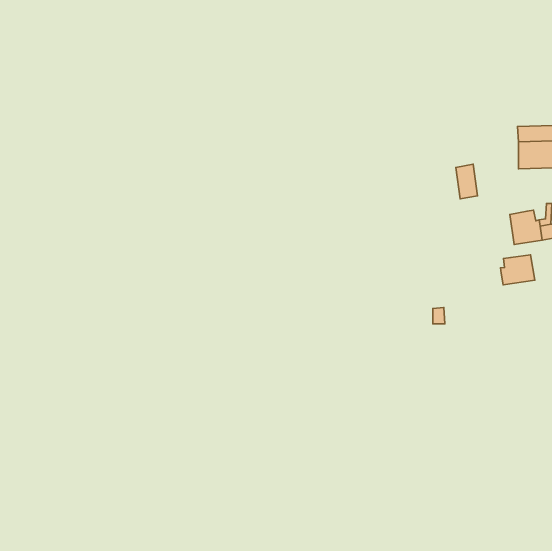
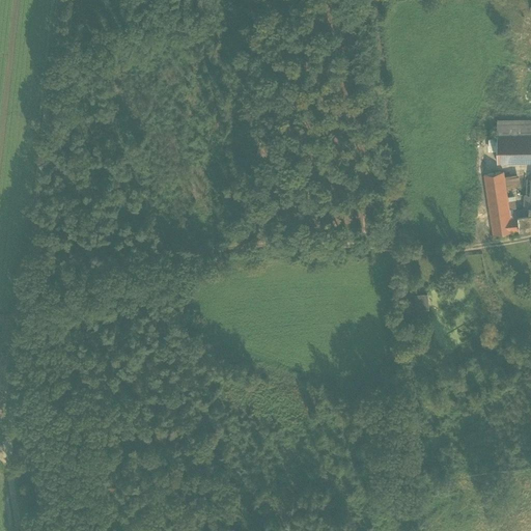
building: [456,164,477,199] -> [485,174,506,207]
building: [501,255,535,285] -> none

